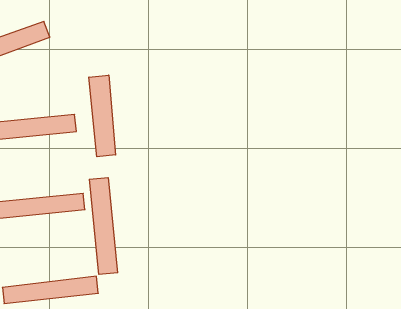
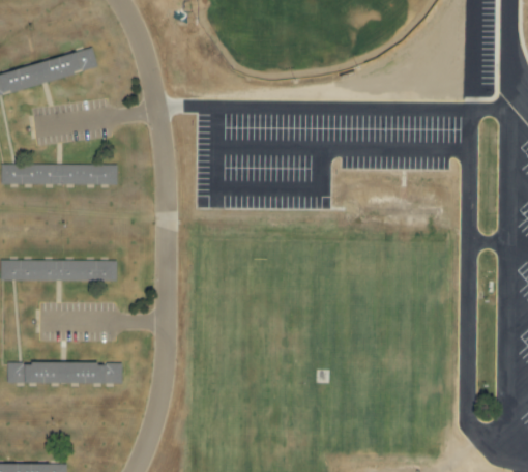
building: [89,75,116,157] -> none
building: [89,178,118,274] -> none

